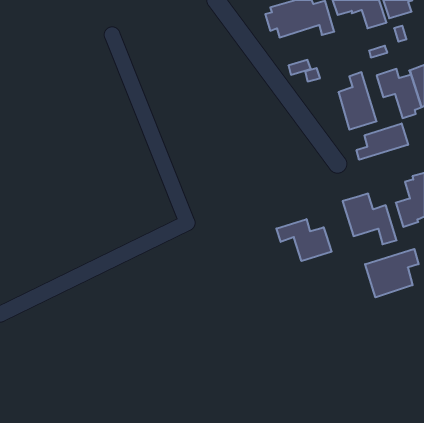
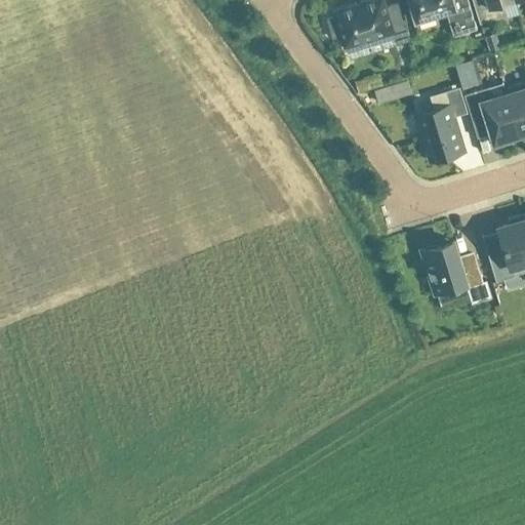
building: [357,123,408,160] -> none
building: [276,219,332,261] -> none
building: [365,249,419,297] -> none

